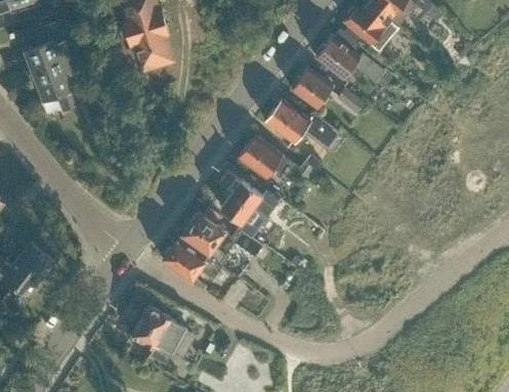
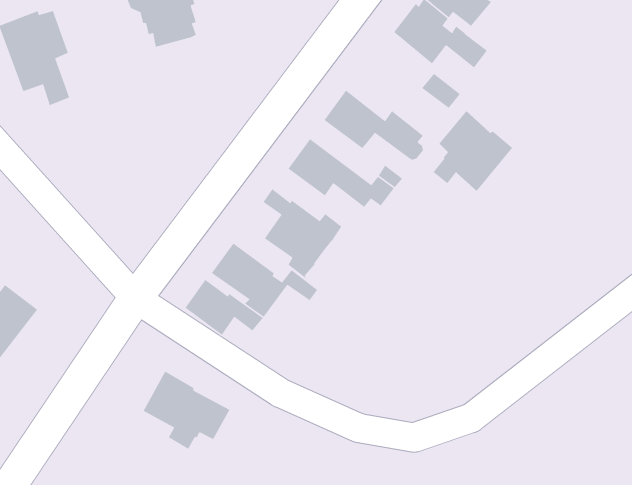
building: [291,68,332,108] -> none
building: none -> [432,110,513,192]

